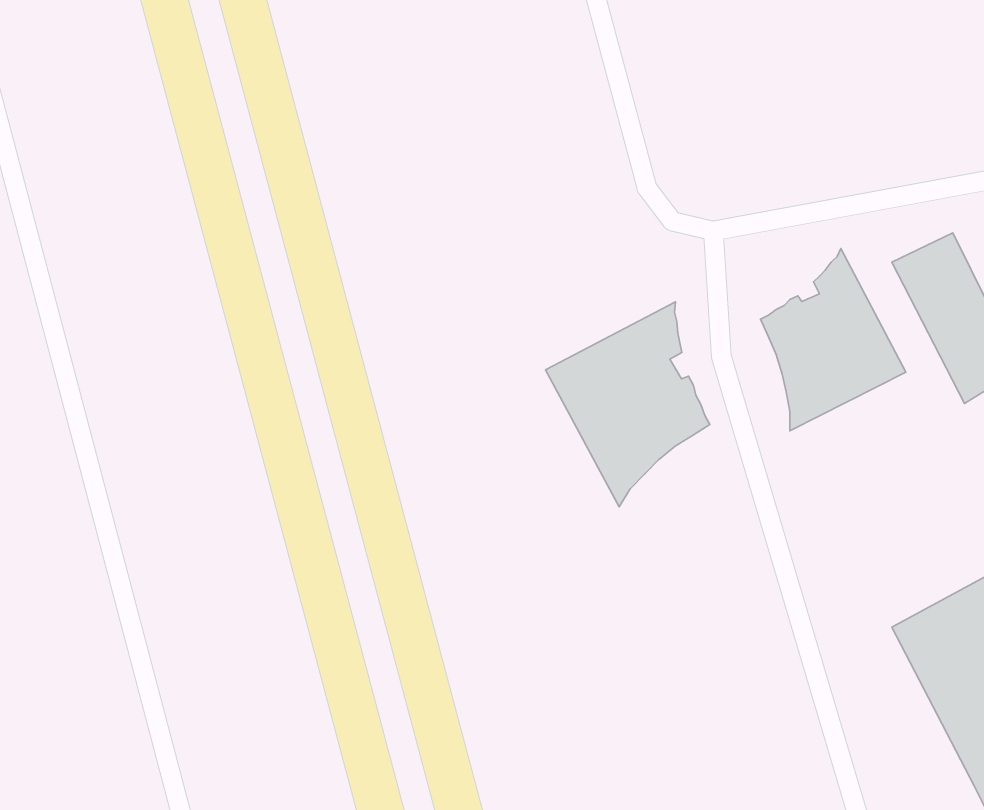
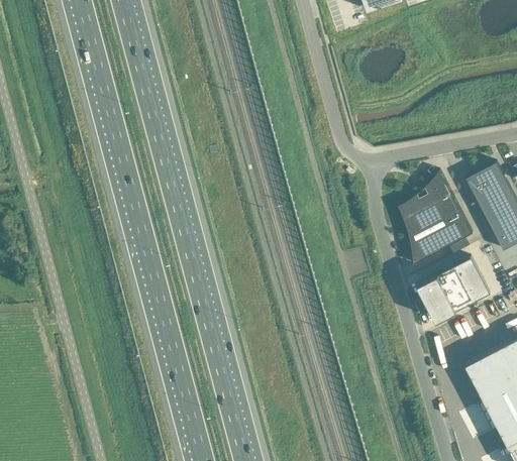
building: [546,302,710,507] -> none
building: none -> [417,256,490,321]

